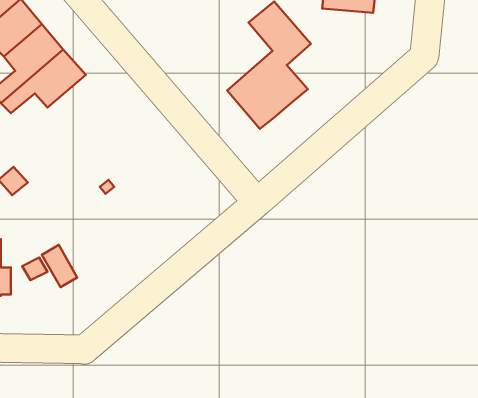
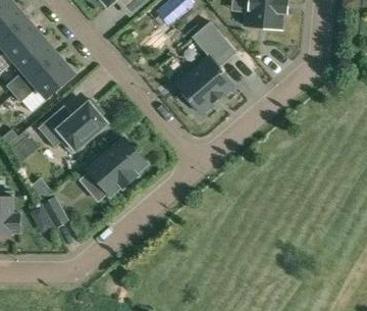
building: none -> [37,99,106,152]
building: none -> [87,137,146,195]

